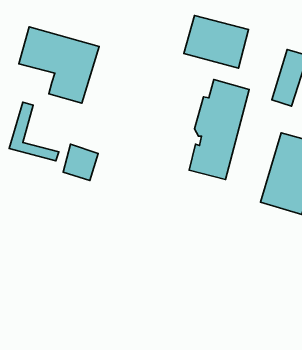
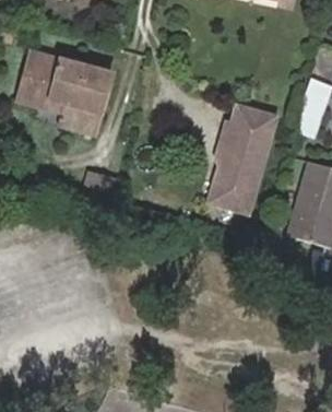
building: [184,16,248,68] -> none
building: [9,102,59,161] -> [15,47,68,109]

